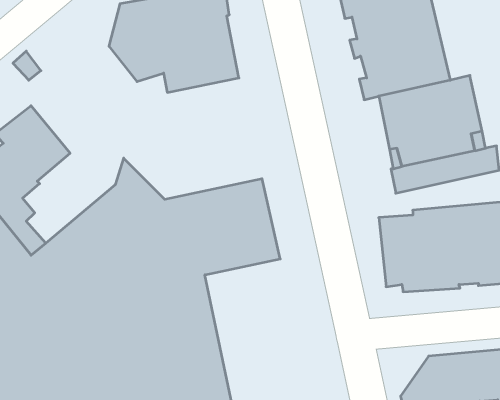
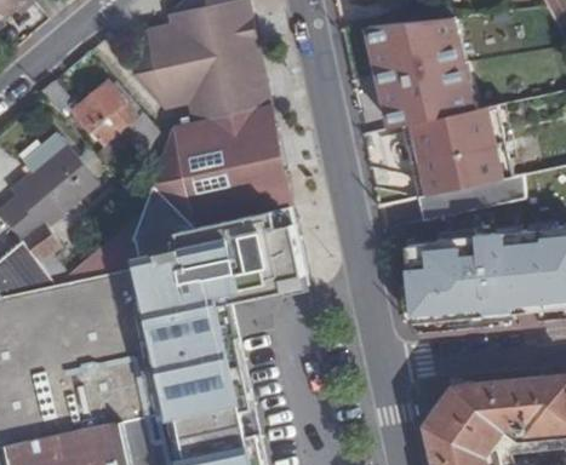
building: none -> [72,84,159,148]
building: none -> [150,107,288,229]

